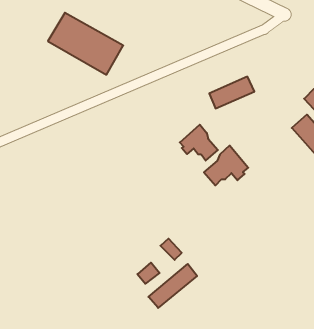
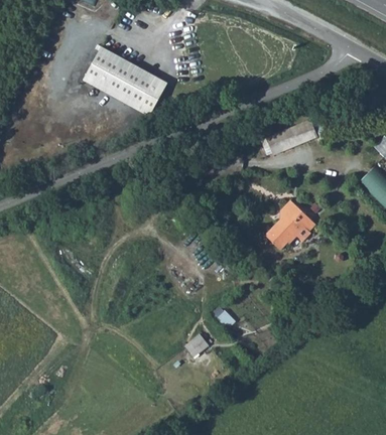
building: [180,125,218,161] -> none
building: [148,264,197,308] -> none

